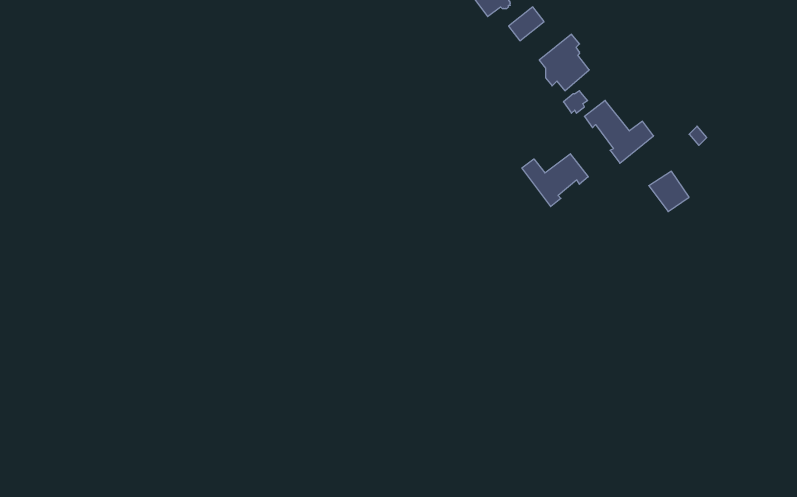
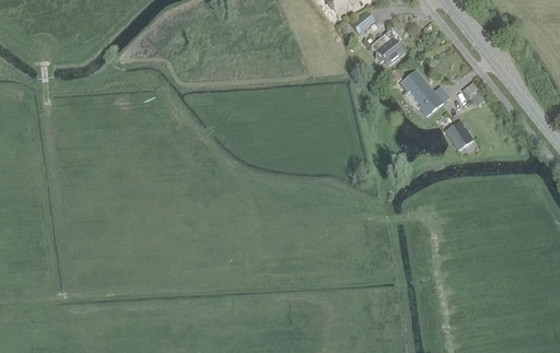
building: [522,154,588,207] -> none

